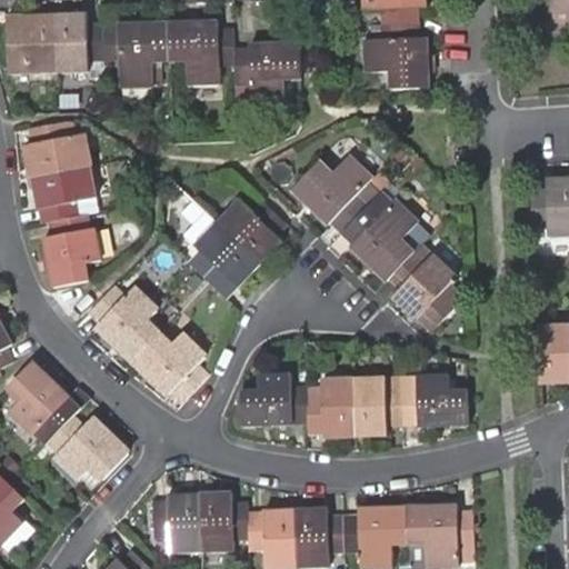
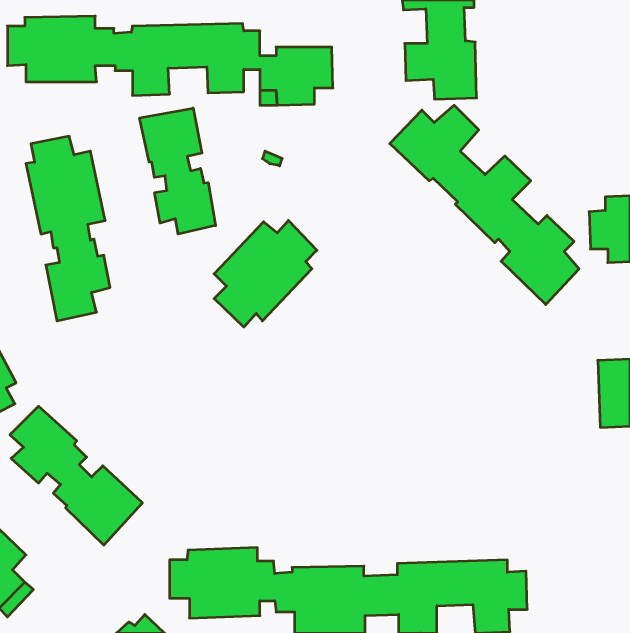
building: none -> [140,108,216,234]
building: [290,154,460,333] -> [390,105,579,305]
building: [88,286,208,403] -> none
building: [240,373,469,437] -> none

